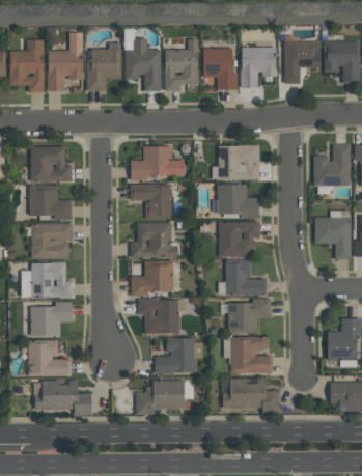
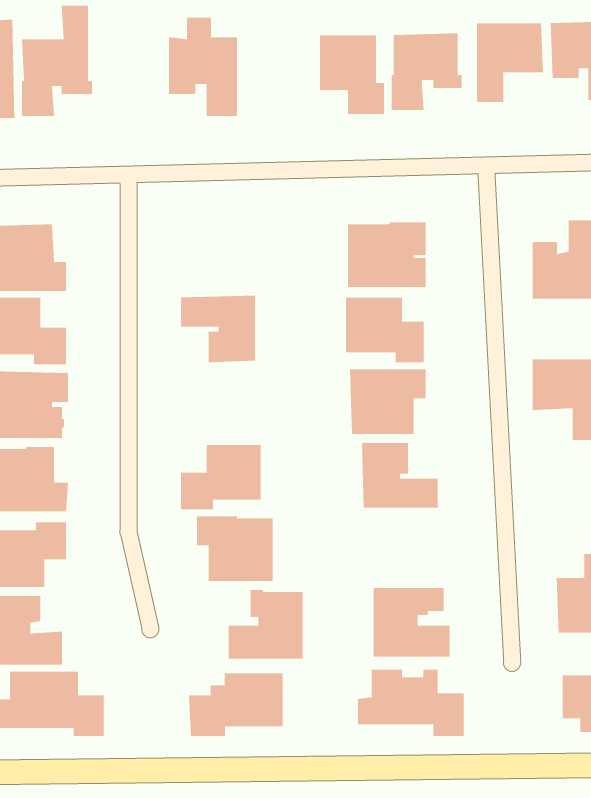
building: [165,38,199,90] -> none
building: [87,48,121,90] -> none
building: [131,146,185,179] -> none
building: [130,222,177,257] -> none
building: [228,299,271,333] -> none

